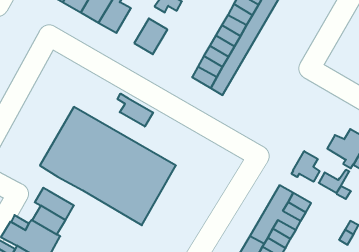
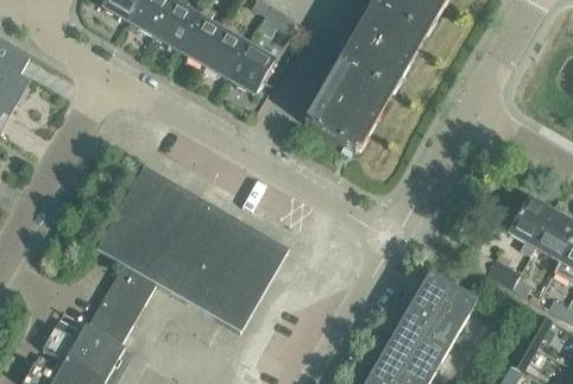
building: none -> [203,29,248,77]
building: [118,94,153,127] -> none
building: [292,151,320,182] -> none
building: none -> [101,264,156,304]

